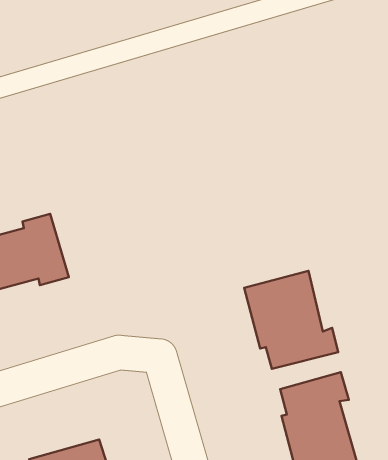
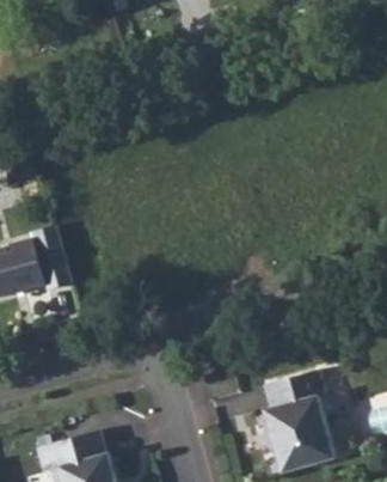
building: [244,271,338,369] -> none

